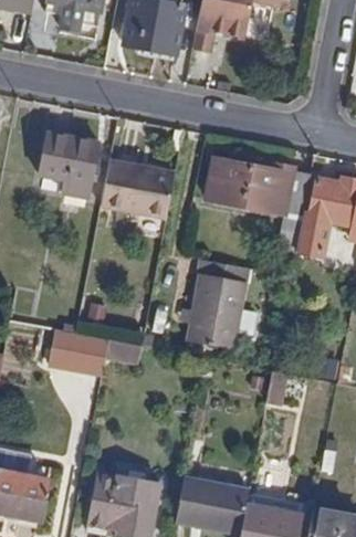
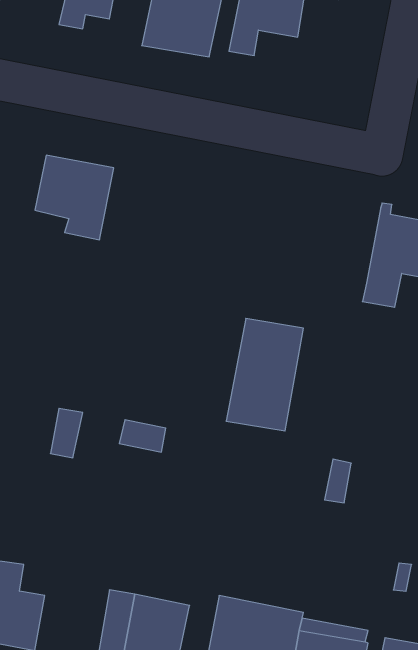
building: [206,159,311,232] -> none
building: [101,160,175,219] -> none
building: [69,334,109,376] -> none

